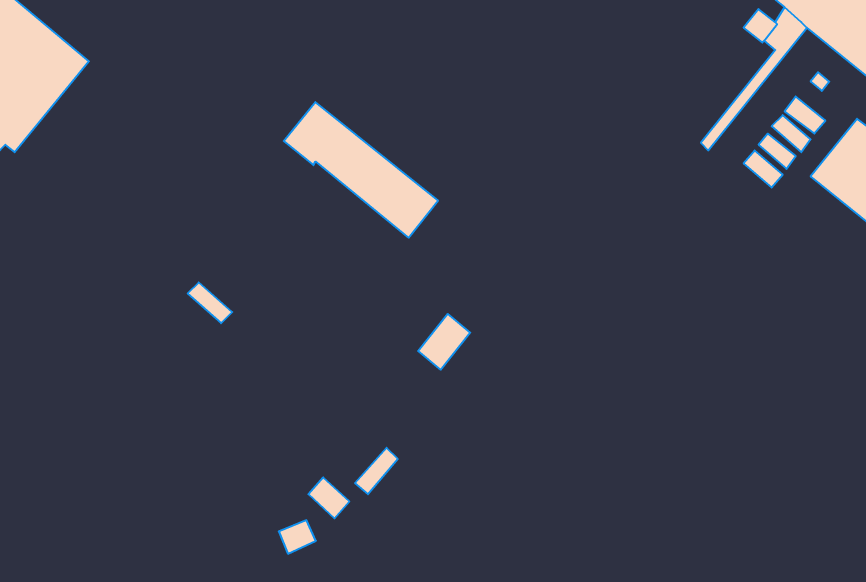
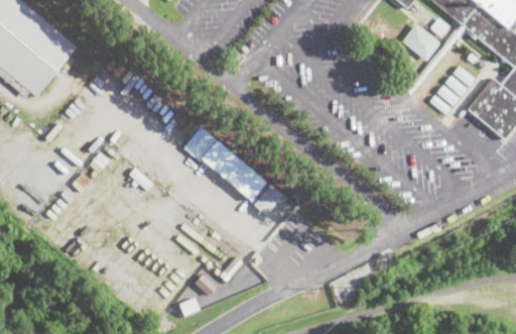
building: none -> [402,22,440,60]
building: [284,102,438,238] -> [183,127,267,201]

